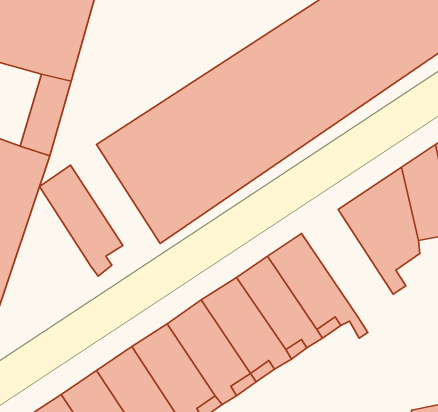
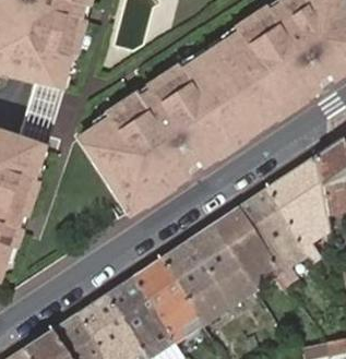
building: [40,165,123,276] -> none
building: none -> [238,189,309,272]

